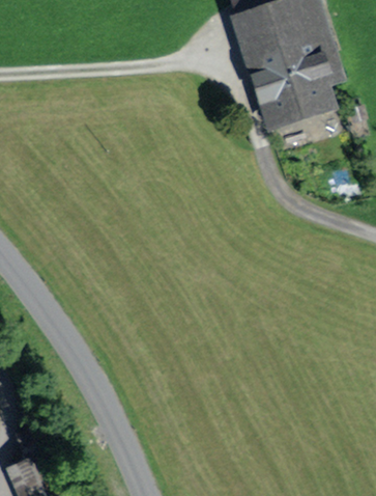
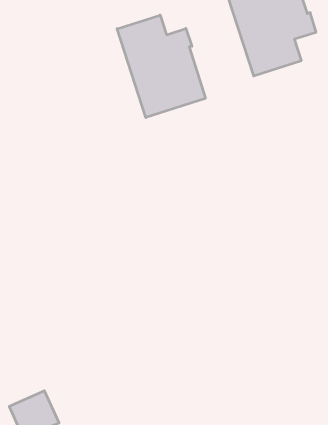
building: none -> [117,15,205,118]

